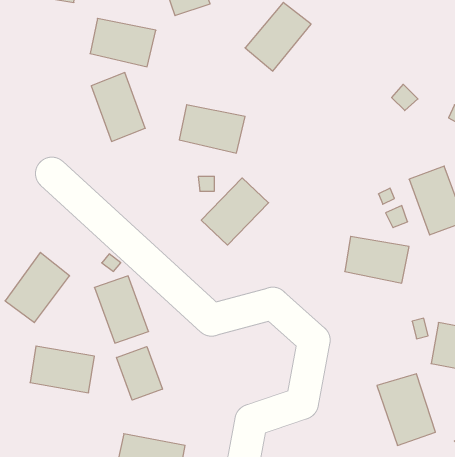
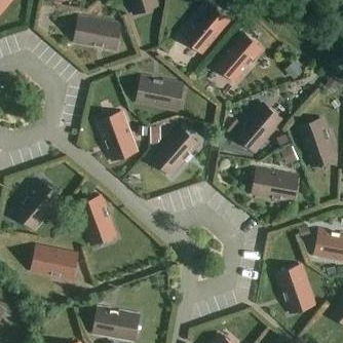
building: none -> [214,31,261,79]
building: [91,73,145,141] -> [99,110,137,158]
building: none -> [235,102,281,151]
building: [117,347,162,400] -> none

